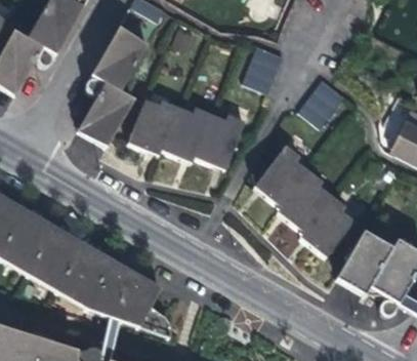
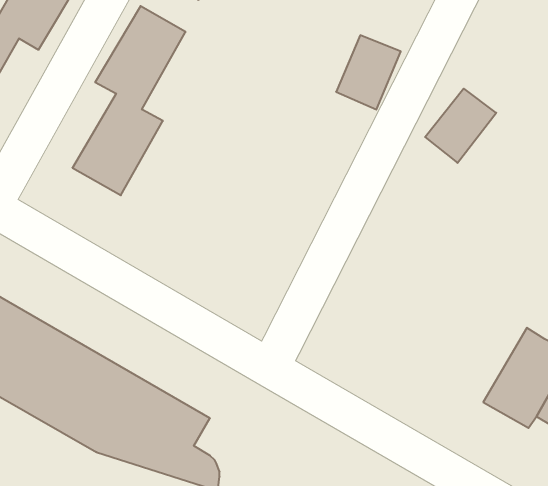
building: [128,99,246,167] -> none
building: [253,145,353,256] -> none

